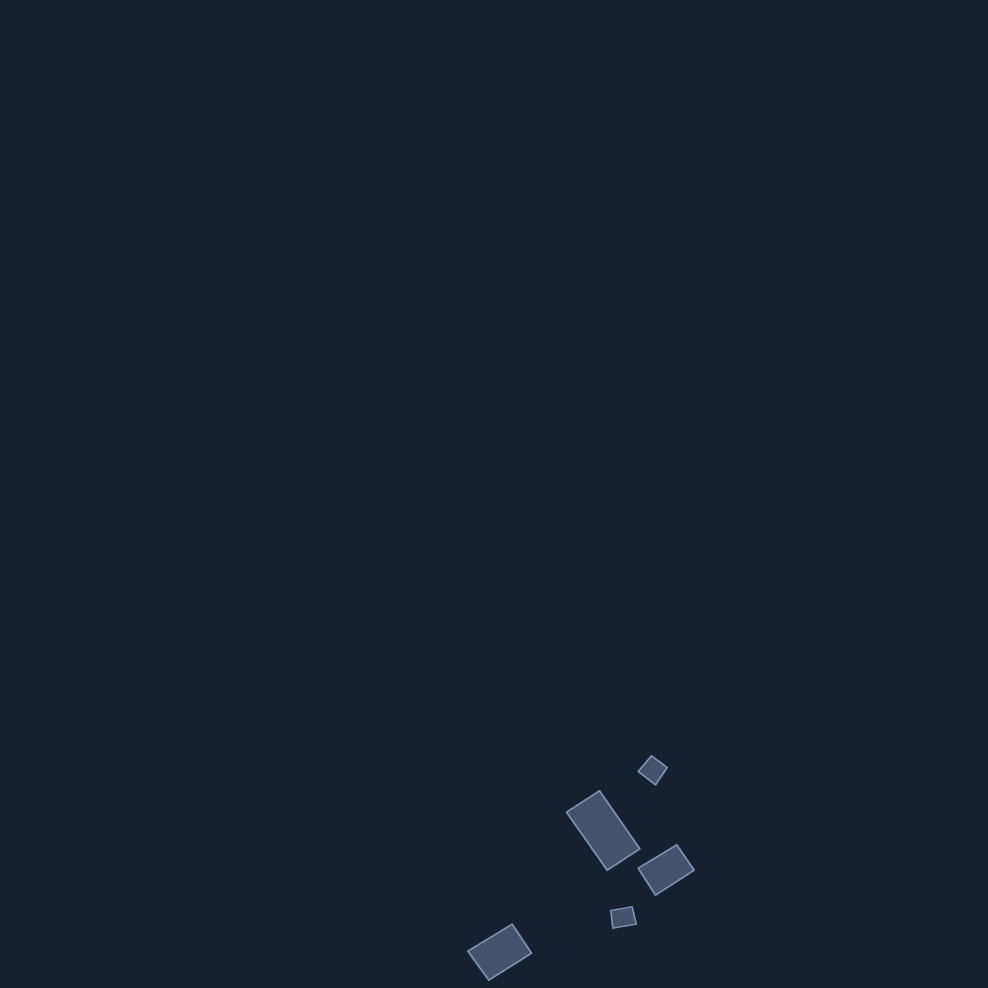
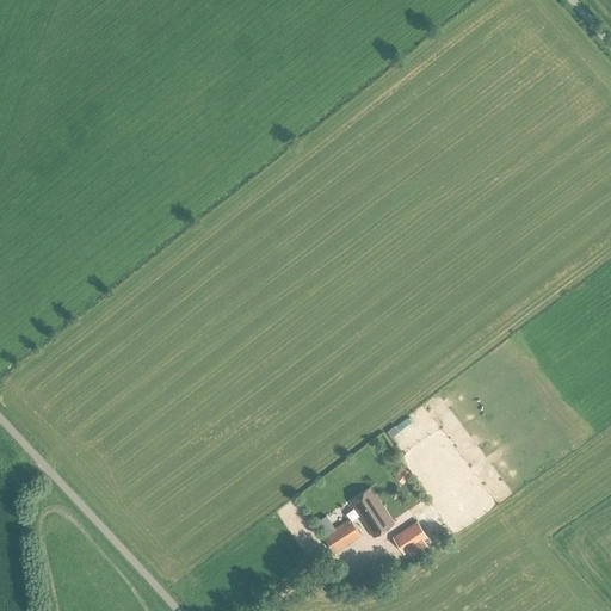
building: [468,924,532,980] -> [322,519,362,554]

